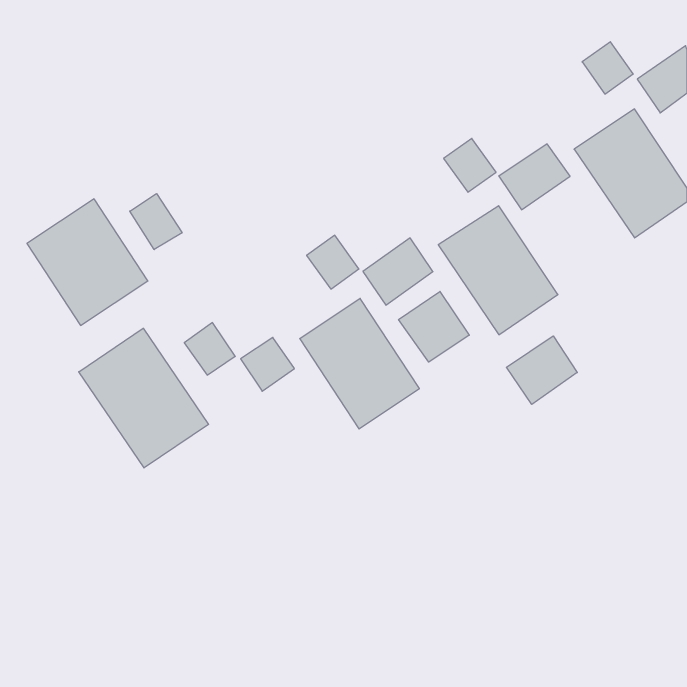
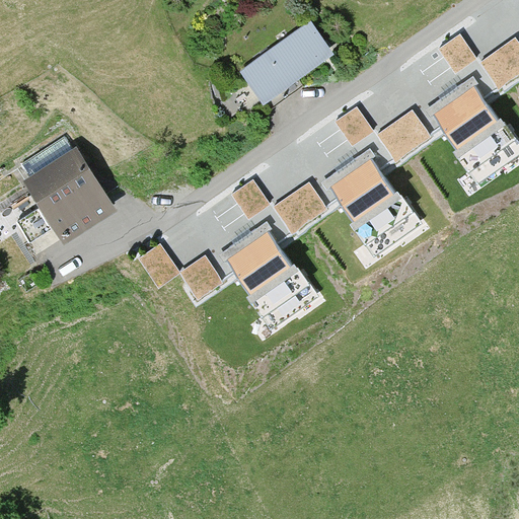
building: none -> [238,25,327,103]
building: [130,194,182,250] -> none
building: [399,291,469,362] -> none
building: [79,328,209,468] -> none
building: [506,336,577,404] -> none

